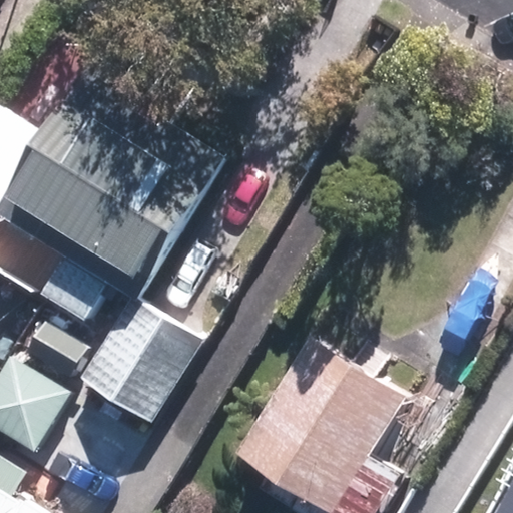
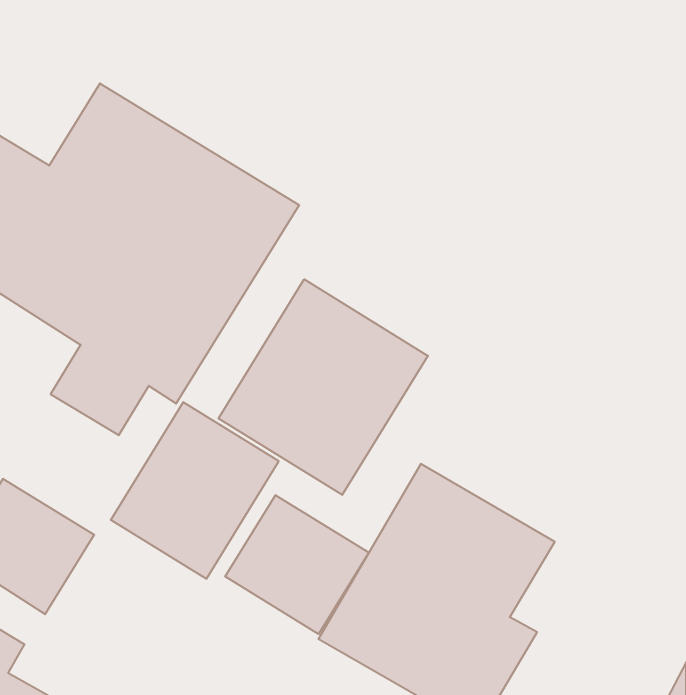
building: none -> [219,279,428,495]
building: none -> [225,495,369,634]

